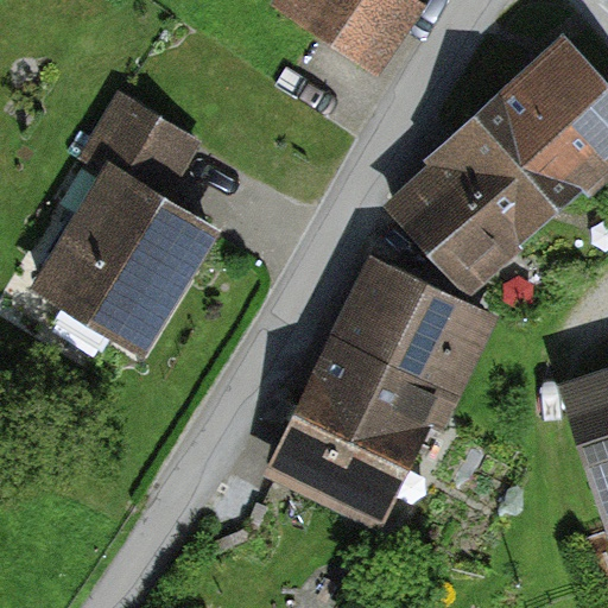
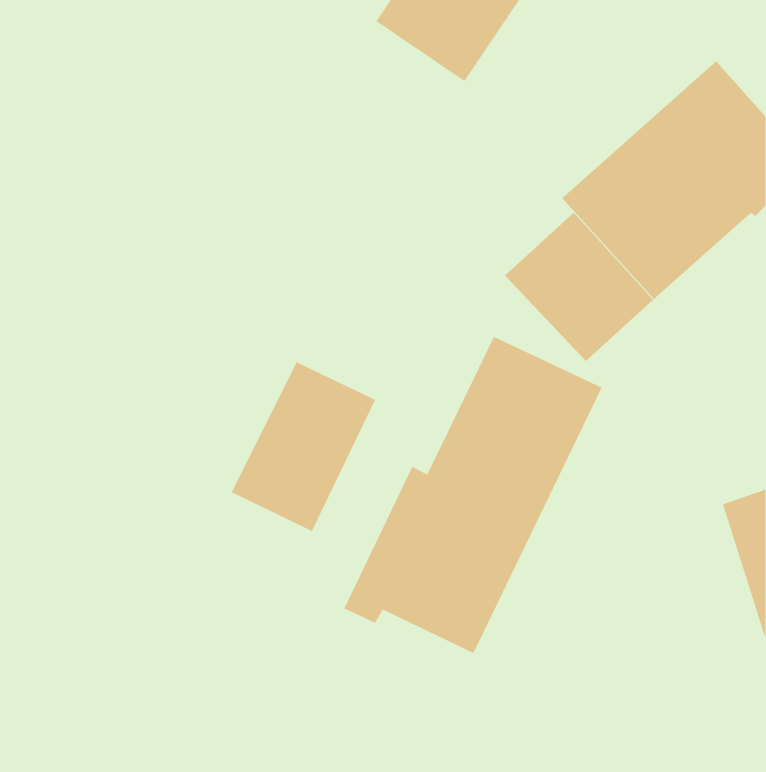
building: [32,97,216,353] -> none
building: none -> [231,361,376,532]

